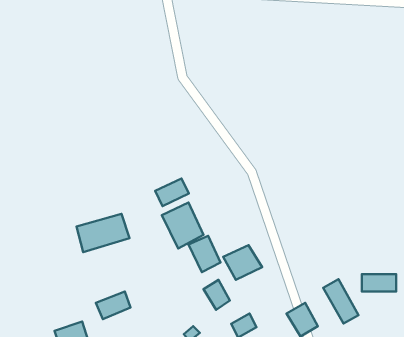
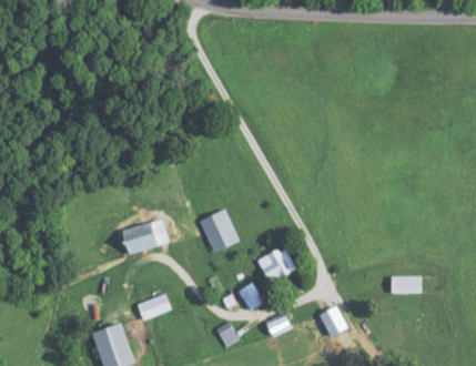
building: [155,178,189,206] -> none
building: [189,236,220,272] -> none
building: [323,279,359,324] -> none

